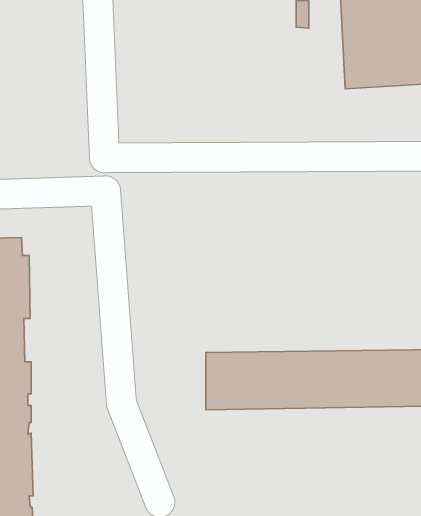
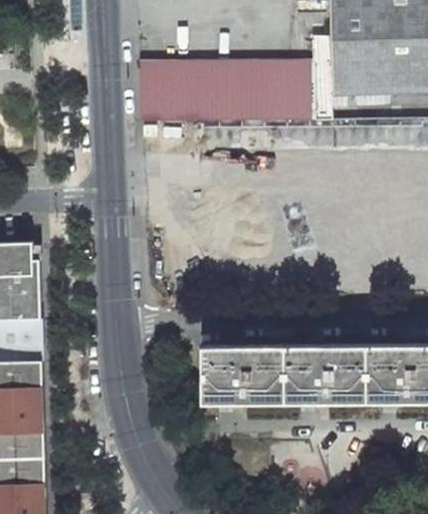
building: none -> [141,34,332,121]

